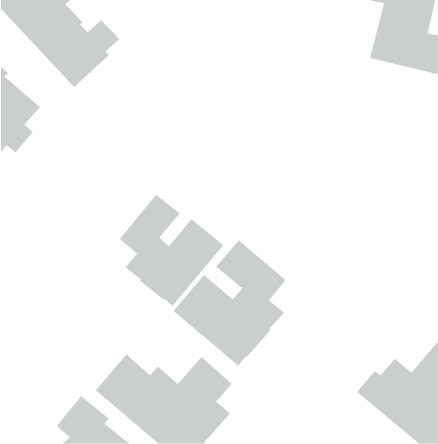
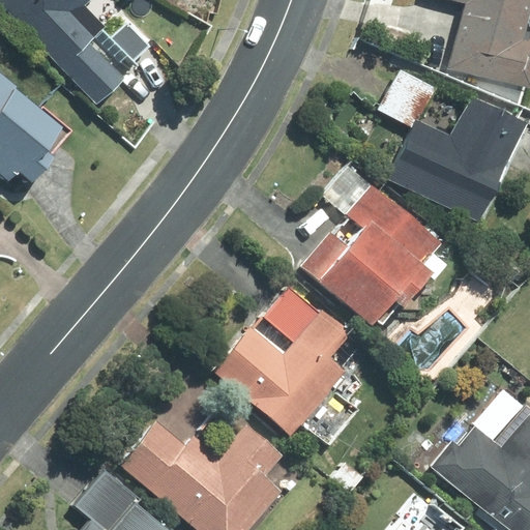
building: none -> [379,69,522,222]
building: none -> [301,168,440,325]
building: [119,194,224,307] -> none

